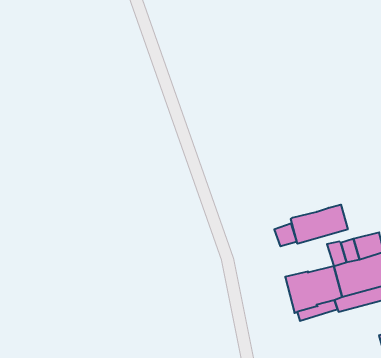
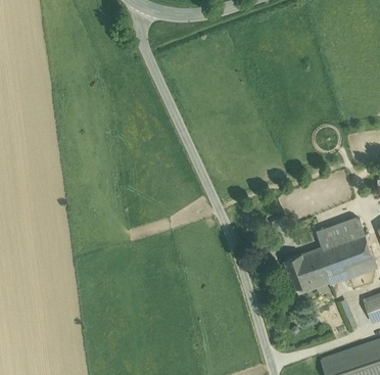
building: [291,205,348,244] -> none

